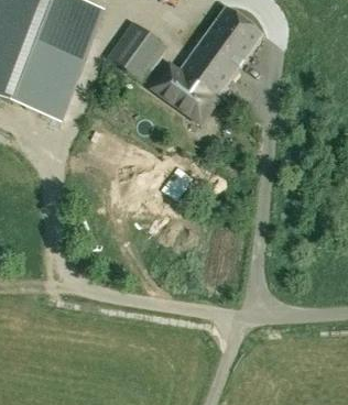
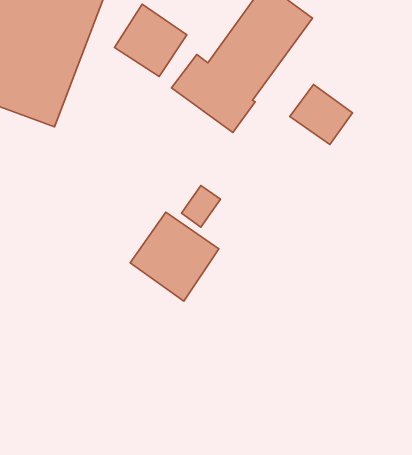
building: none -> [290,84,353,145]
building: none -> [130,212,219,301]

